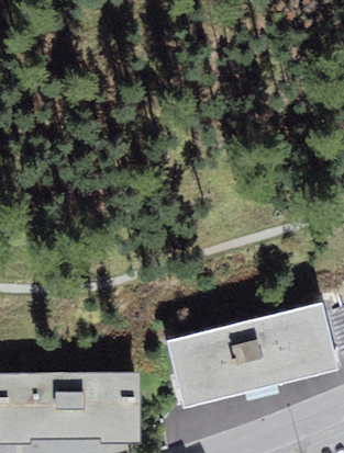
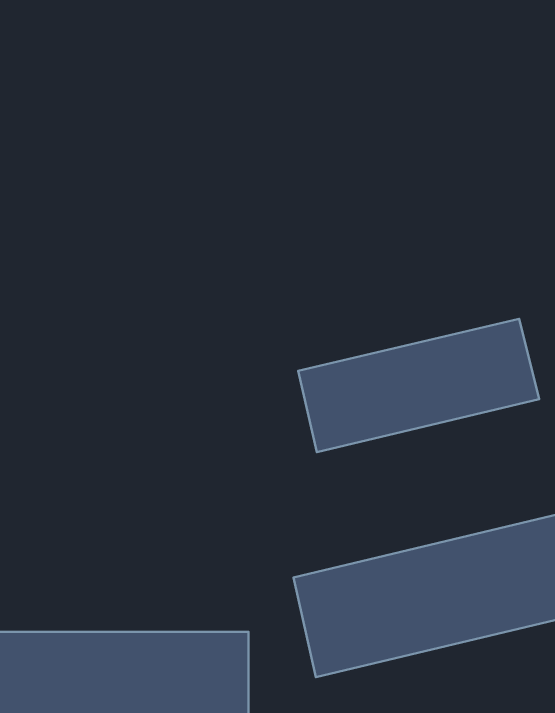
building: none -> [298,319,539,452]

